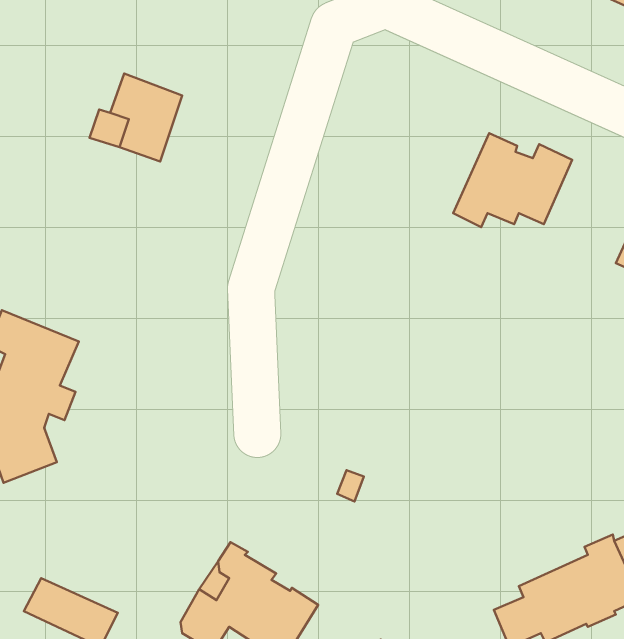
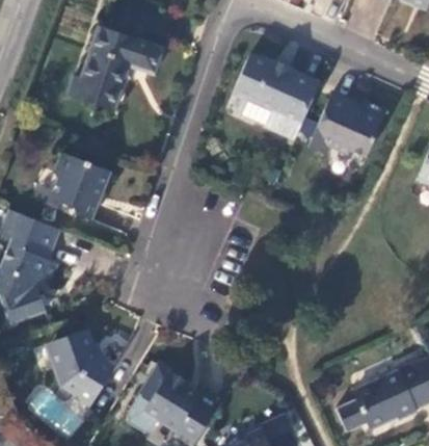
building: none -> [90,27,163,75]
building: none -> [233,54,320,138]
building: none -> [52,153,110,220]
building: none -> [49,330,114,404]

